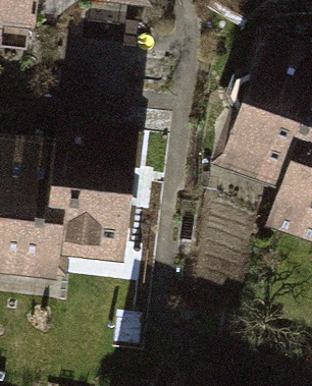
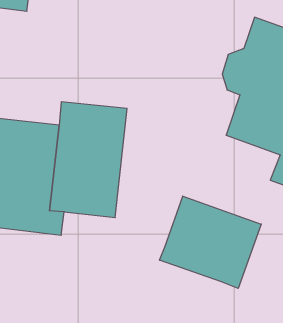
building: none -> [160,196,261,288]

